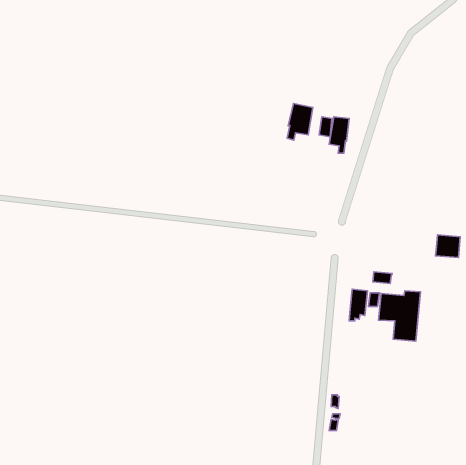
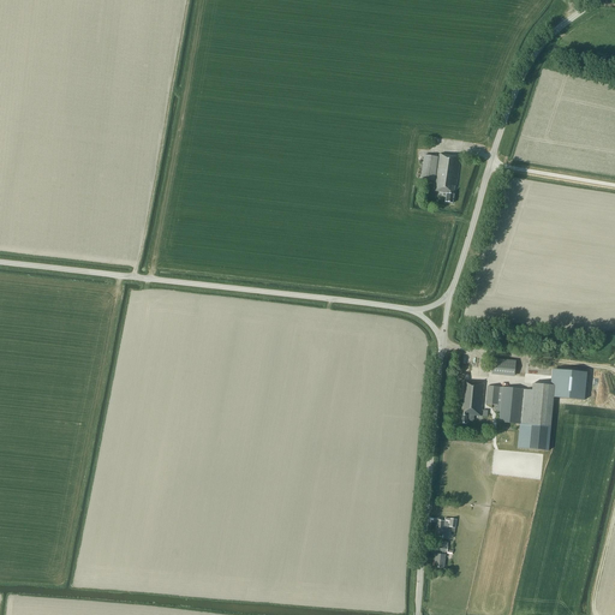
building: [287,104,313,140] -> none
building: [436,235,460,258] -> [554,369,586,399]

